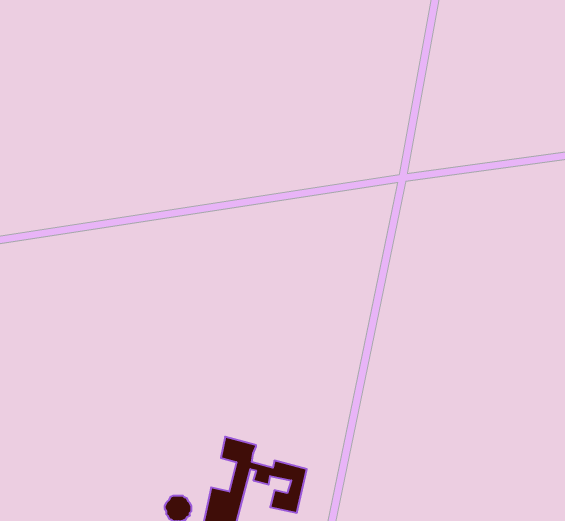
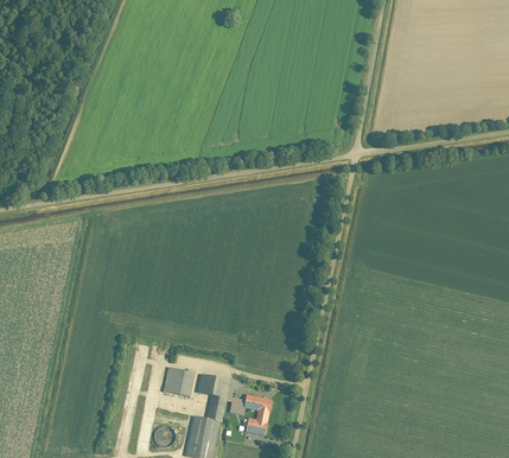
building: none -> [164,368,192,394]

